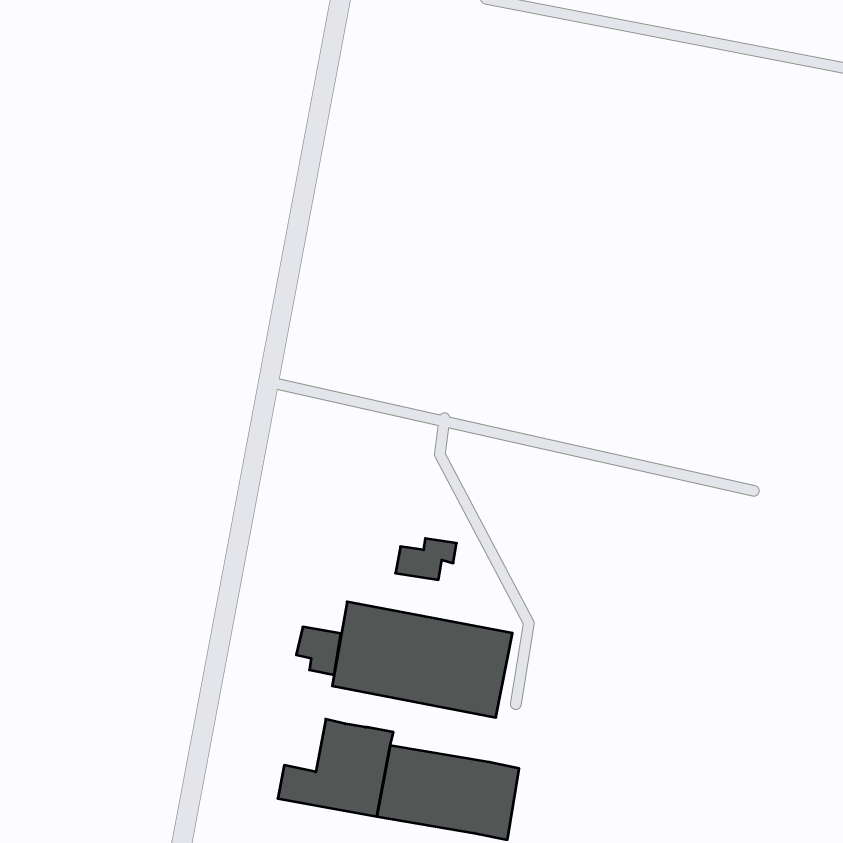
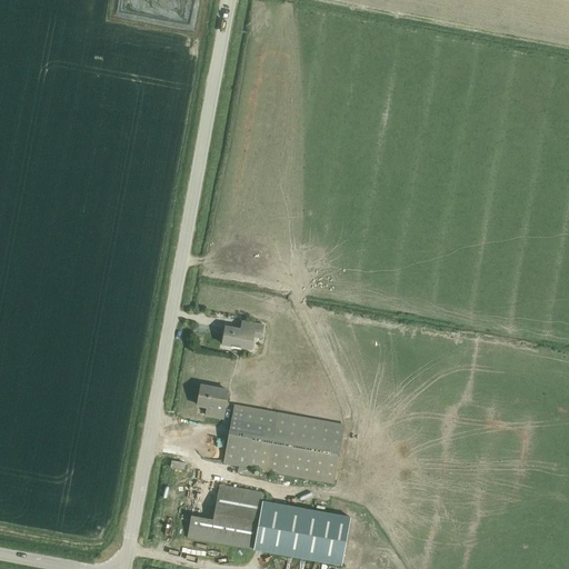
building: [395,538,457,580] -> [221,321,262,349]
building: [296,627,341,675] -> [197,386,227,418]

